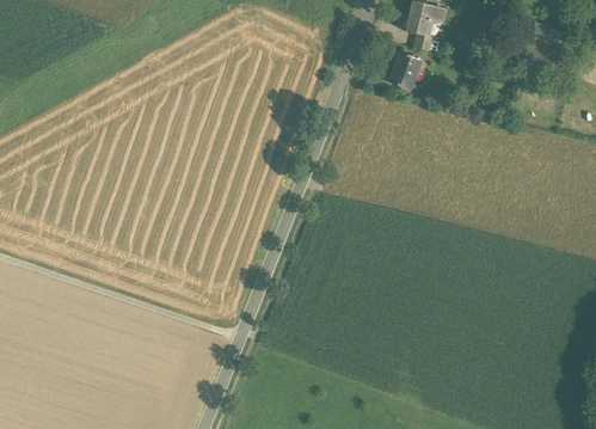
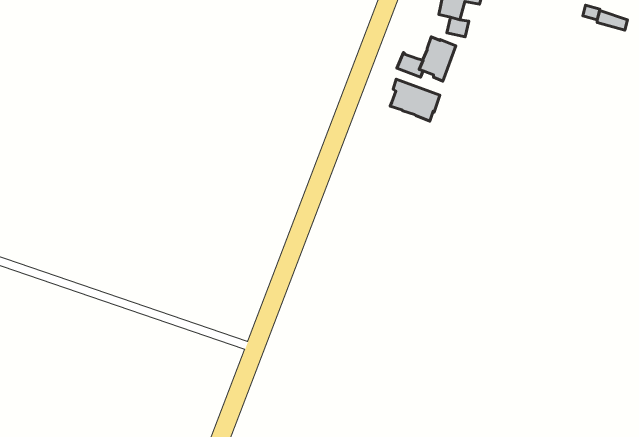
building: none -> [390,79,440,121]

